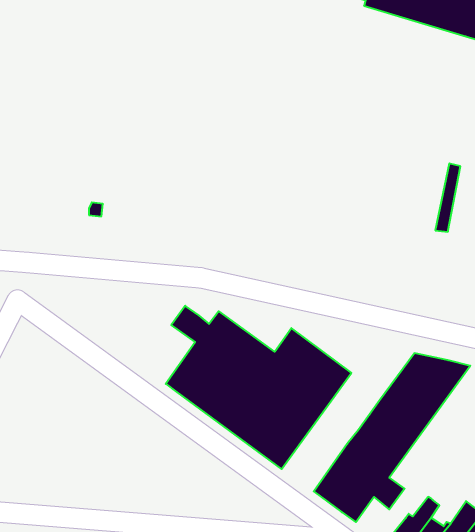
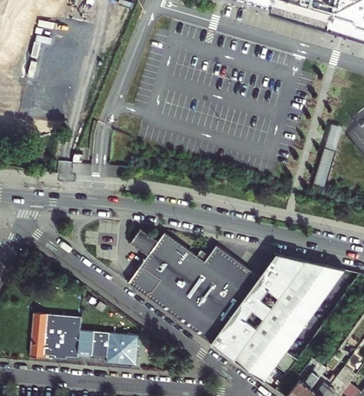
building: none -> [211,254,306,360]
building: none -> [30,314,139,366]

